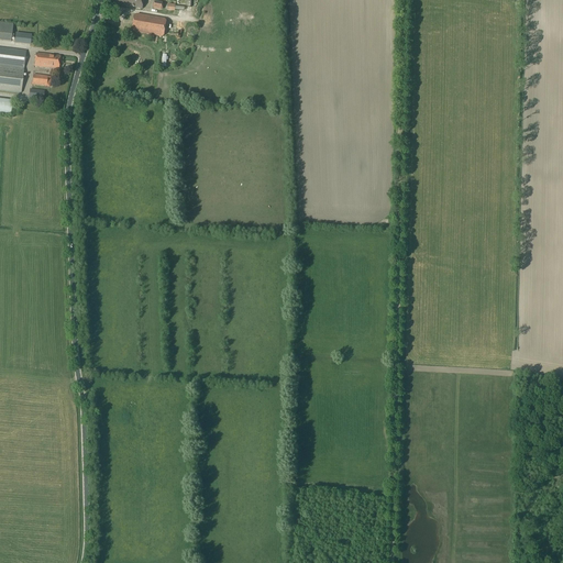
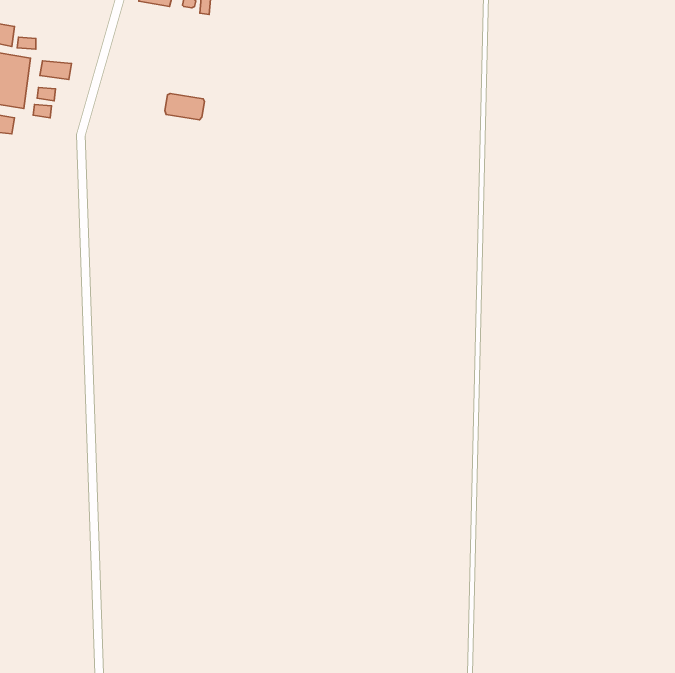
building: [132,12,165,34] -> [165,93,205,120]

